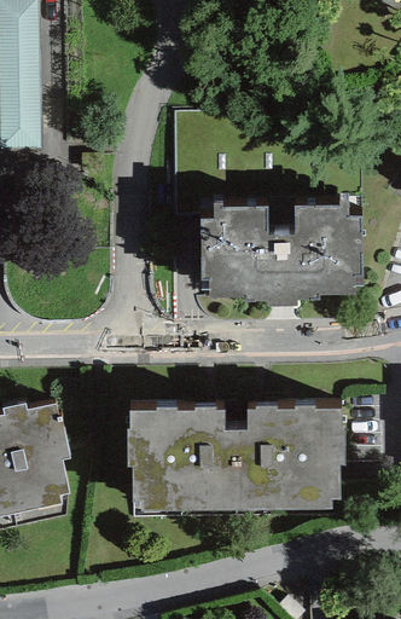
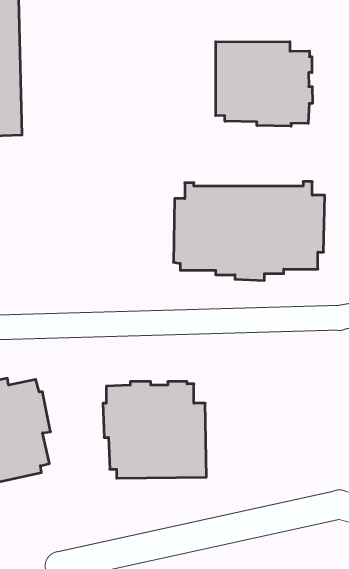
building: none -> [216,42,312,126]
building: [236,407,345,510] -> none

